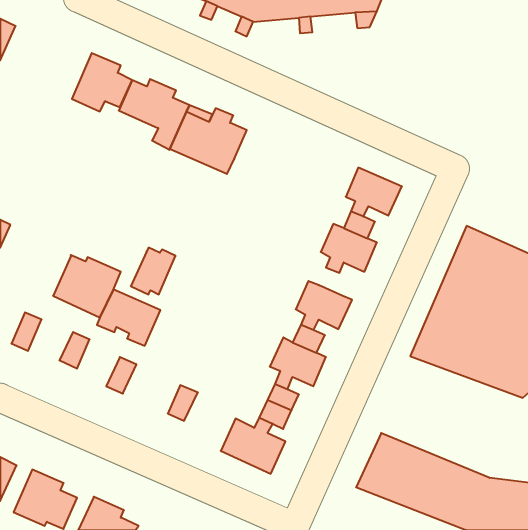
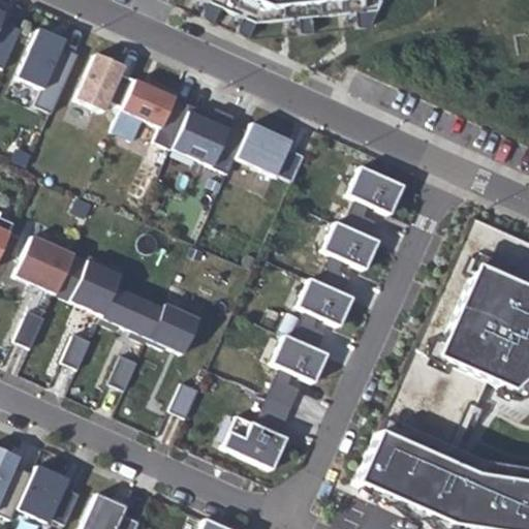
building: none -> [18,28,79,113]
building: none -> [237,122,306,181]
building: none -> [15,236,74,293]
building: [131,248,176,294] -> [148,304,192,350]

